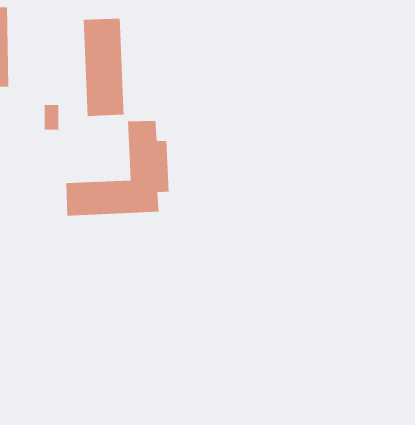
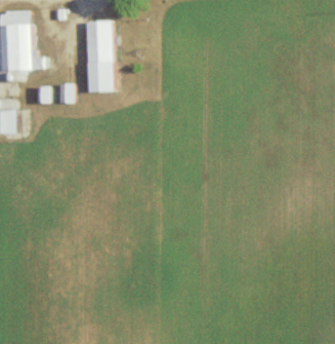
building: [65,120,169,217] -> none

